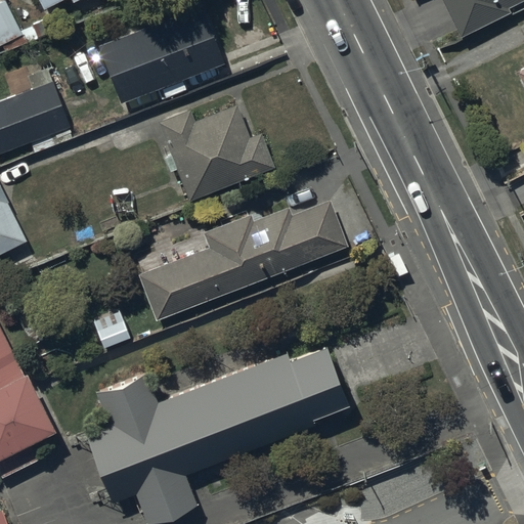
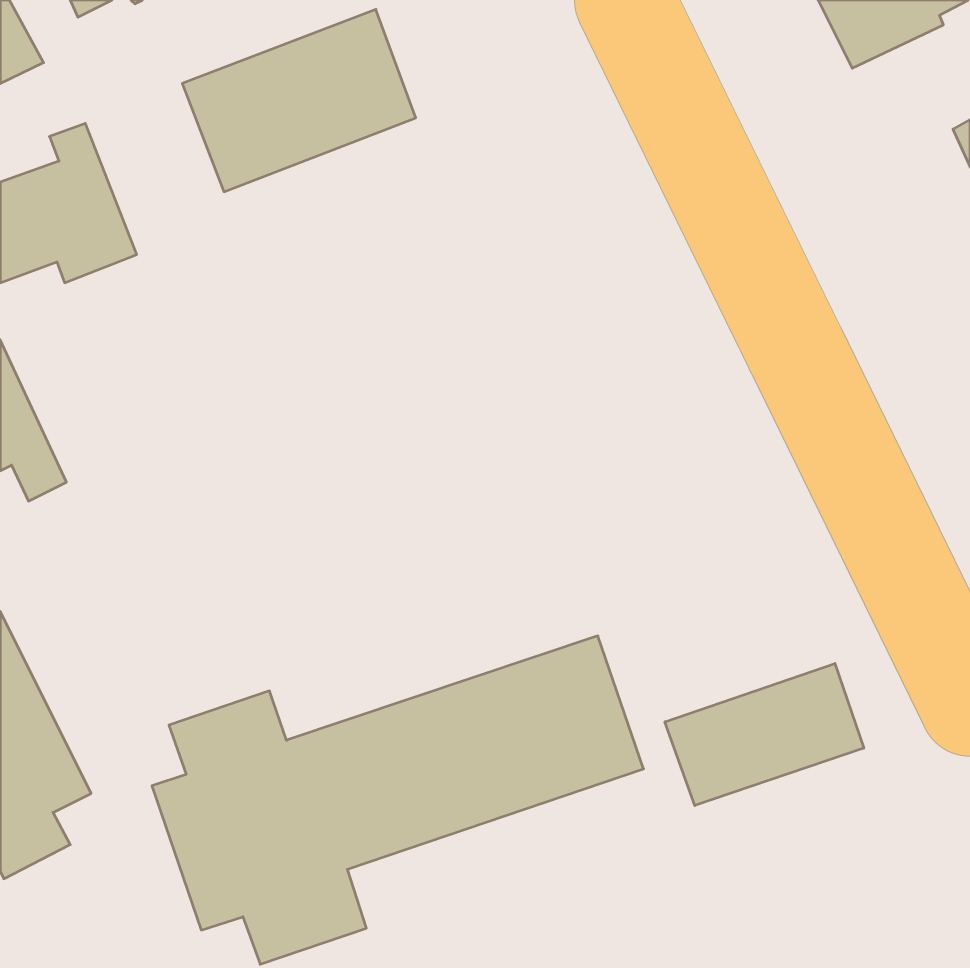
building: [158,104,274,202] -> none
building: [137,200,349,321] -> none
building: none -> [665,663,864,806]

